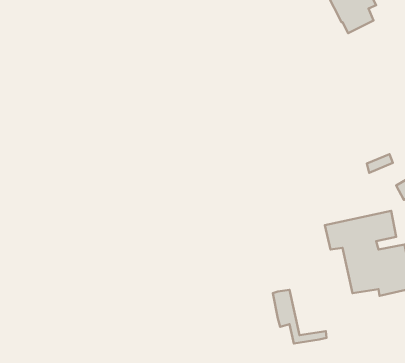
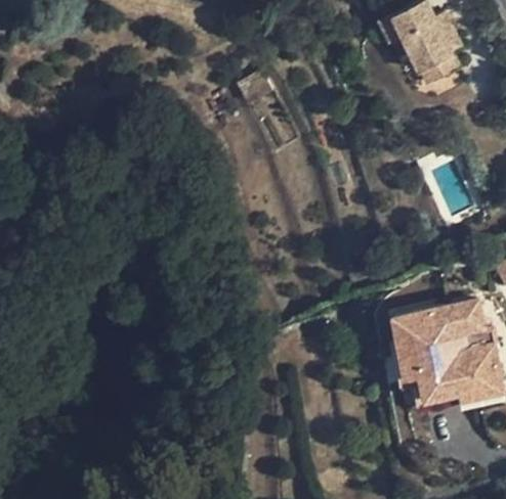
building: [273,290,327,344] -> [398,345,464,410]

